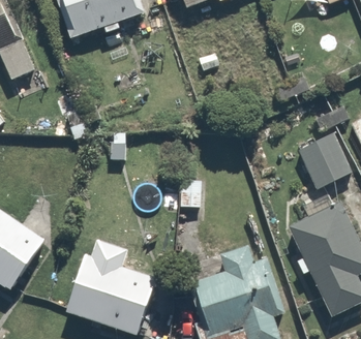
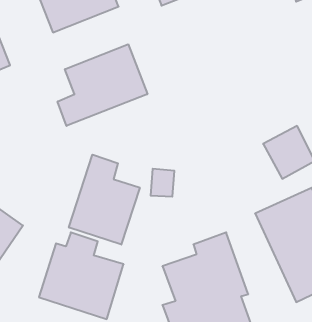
building: none -> [58,44,147,126]
building: none -> [69,155,140,245]

